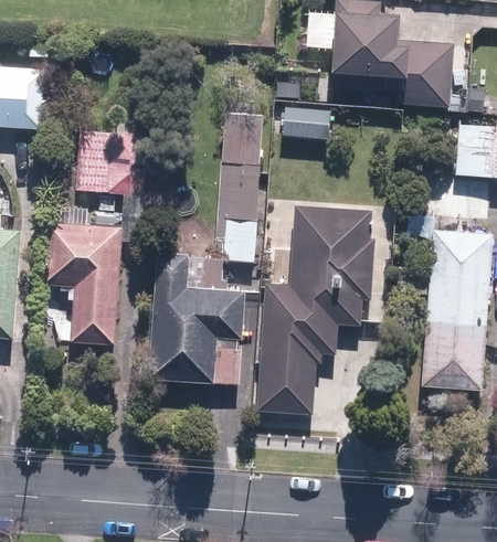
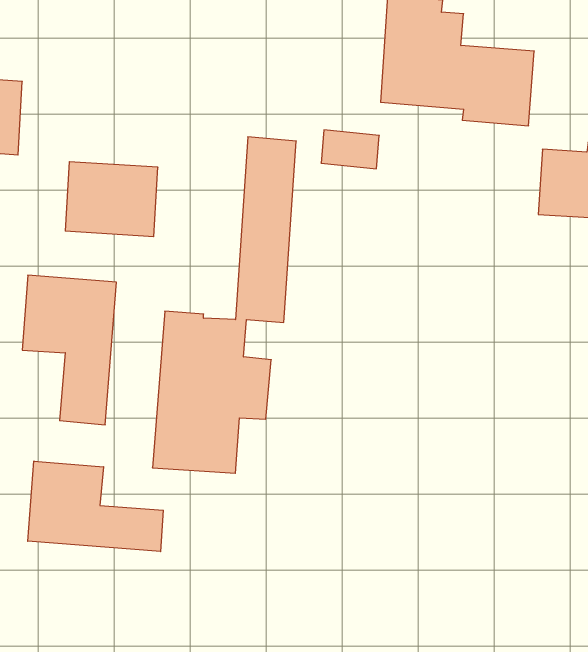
building: [257,206,371,415] -> none
building: [423,231,489,389] -> none
building: none -> [28,461,163,552]

